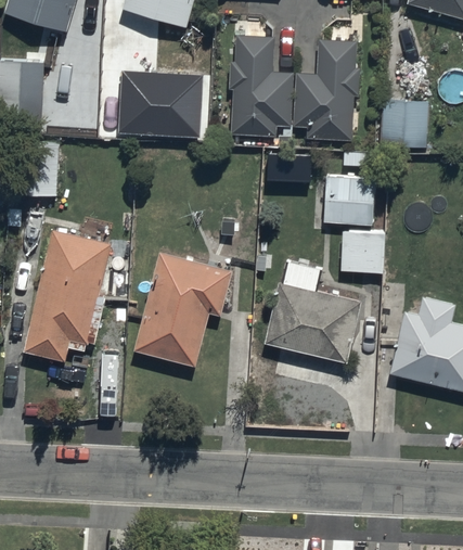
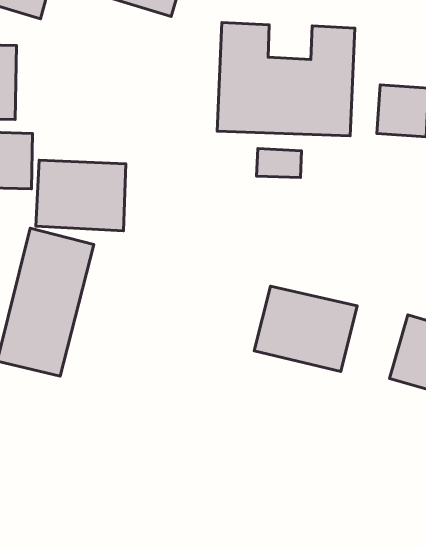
building: [117,72,202,138] -> [36,160,126,231]
building: [324,172,374,221] -> none
building: [342,228,384,268] -> none
building: [133,254,232,373] -> none

